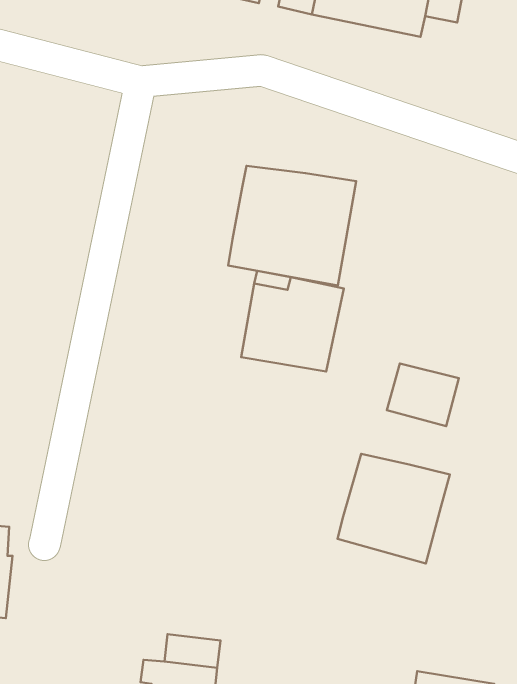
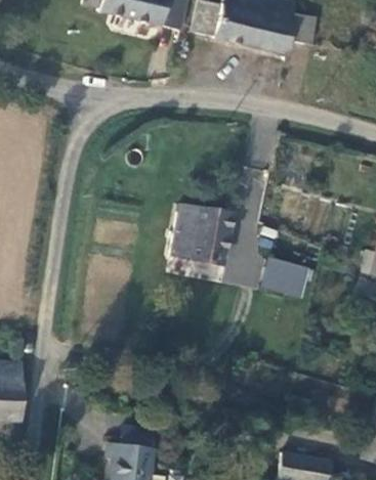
building: [228,166,356,285] -> none
building: [337,454,450,563] -> none

